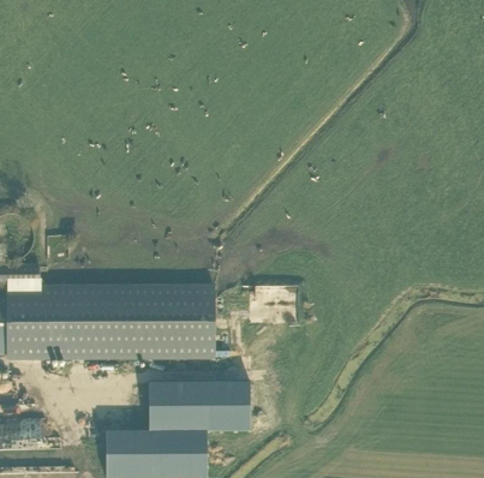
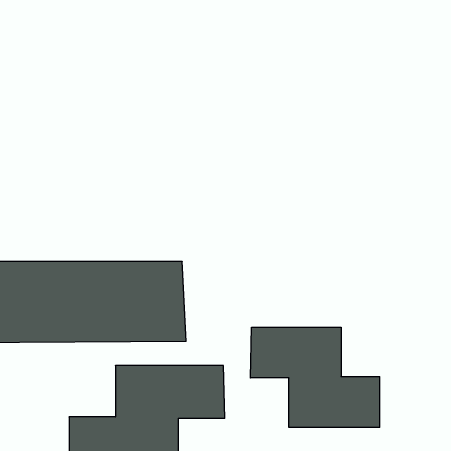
building: none -> [250,327,380,427]

